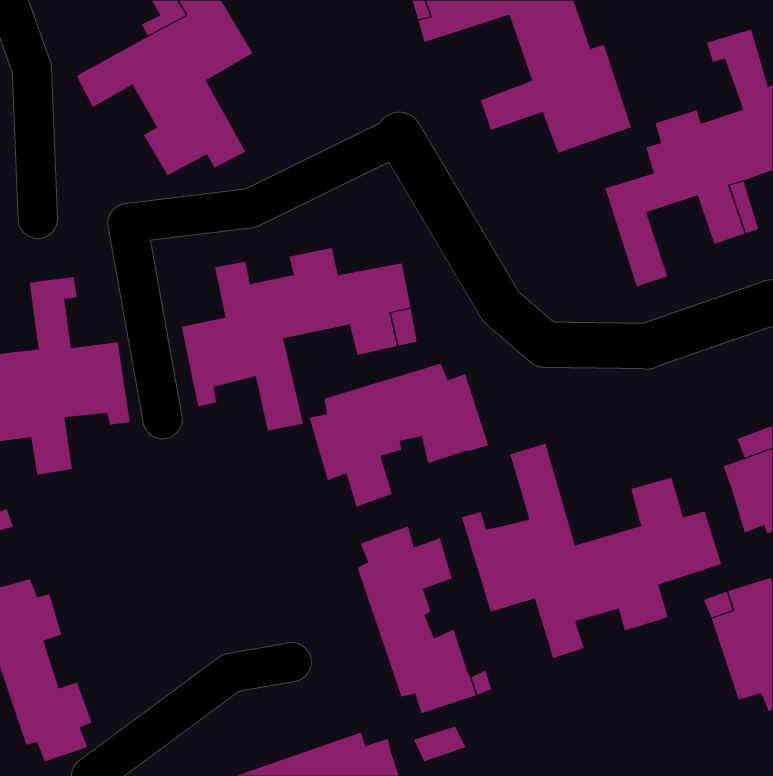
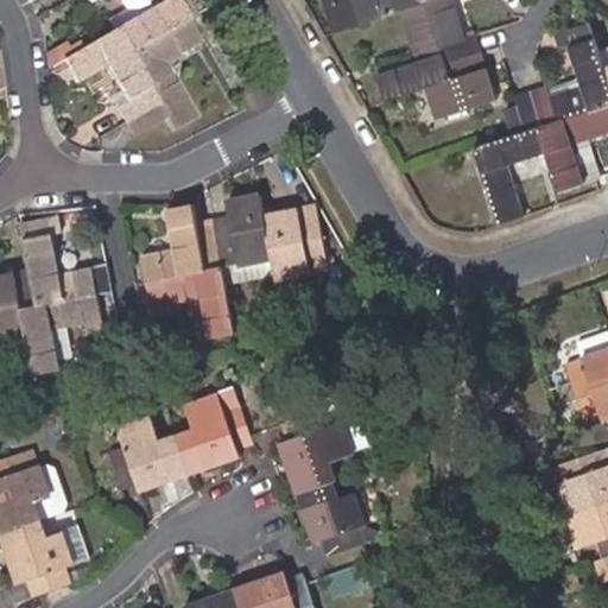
building: [309,363,489,508] -> none
building: [461,443,722,659] -> none
building: none -> [108,394,253,492]

